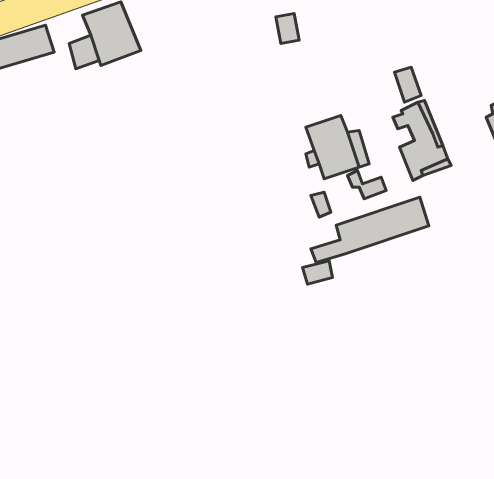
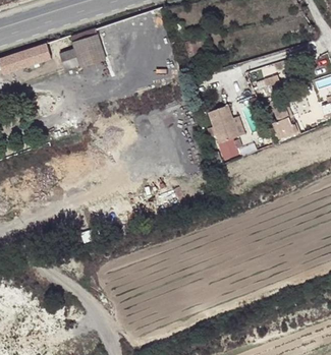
building: [311,197,429,262] -> none

